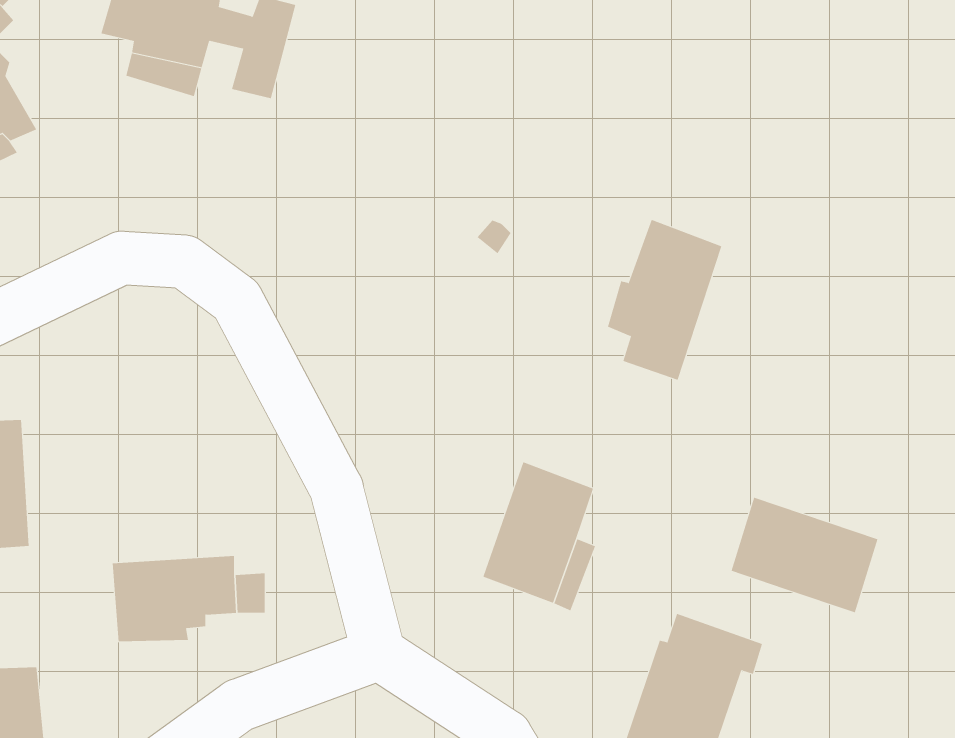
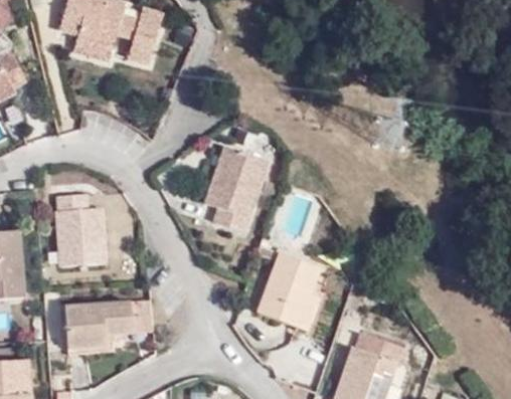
building: [607,219,722,381] -> [206,147,267,231]
building: none -> [55,194,104,266]
building: [731,497,878,613] -> none

